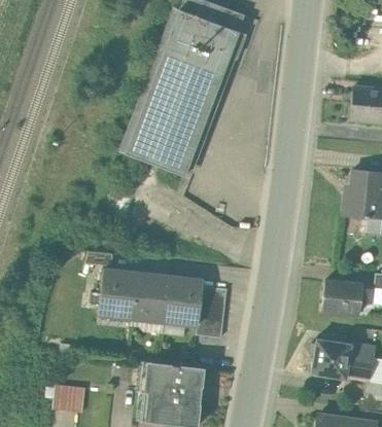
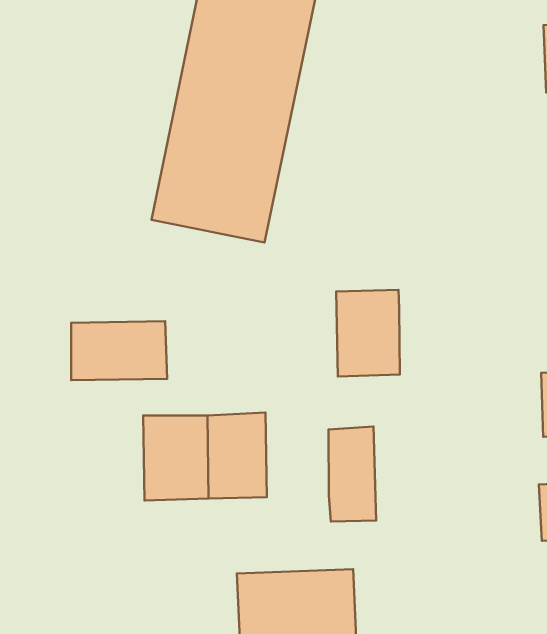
building: none -> [71,321,167,380]
building: [166,275,206,325] -> [336,290,400,376]

